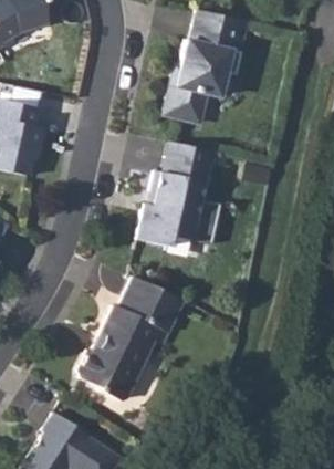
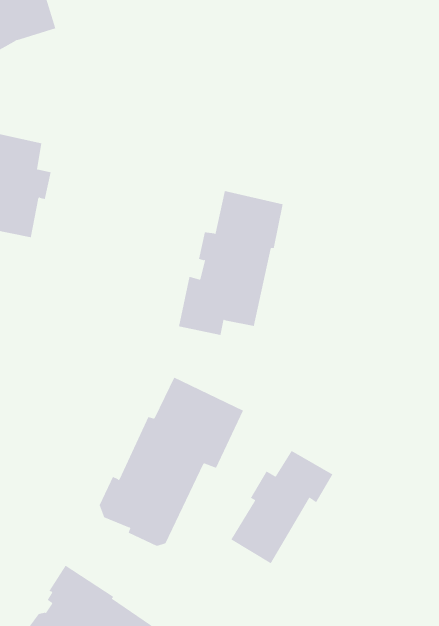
building: [163,9,248,122] -> none
building: none -> [231,450,333,564]

